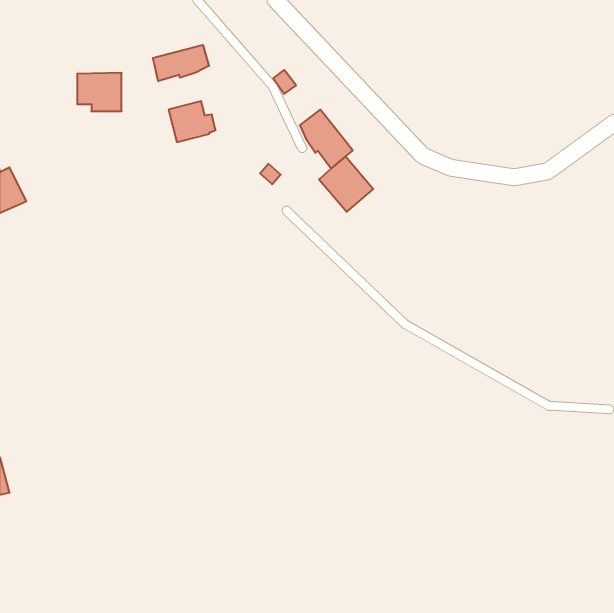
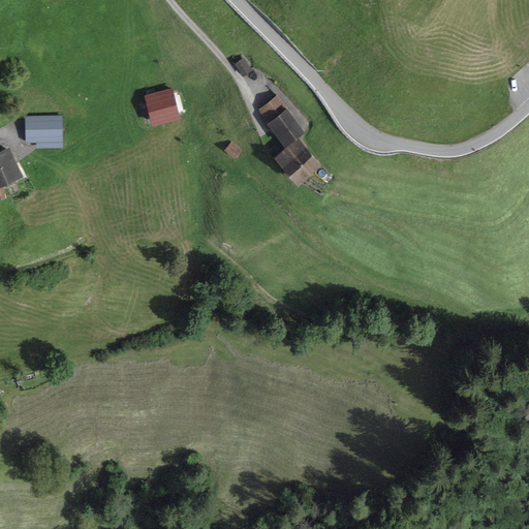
building: [153,45,209,81] -> none
building: [77,73,122,111] -> [24,116,62,149]

